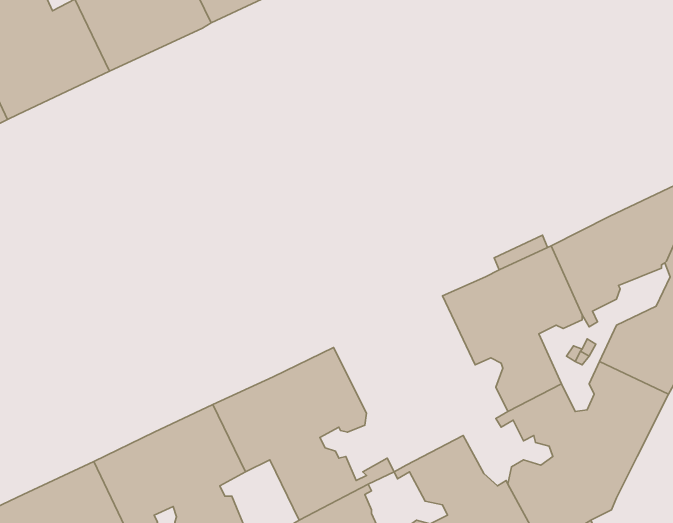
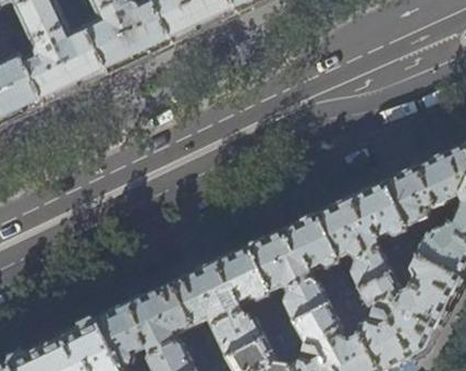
building: none -> [246,215,338,322]

